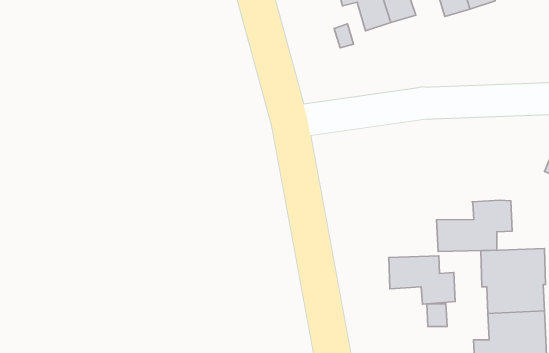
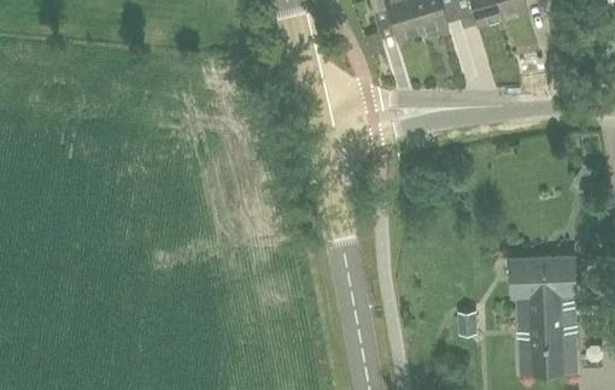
building: [436,200,512,252] -> none
building: [389,256,455,304] -> none

